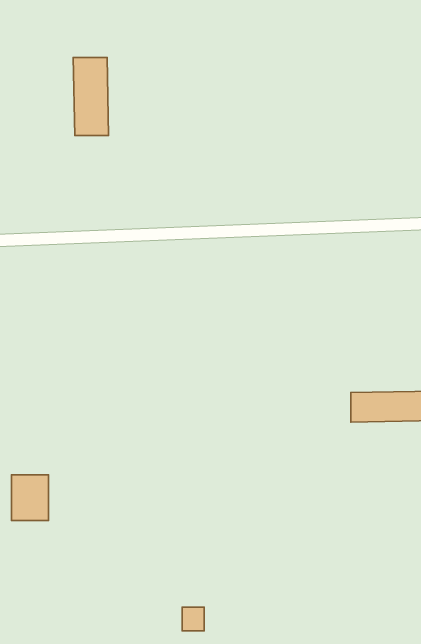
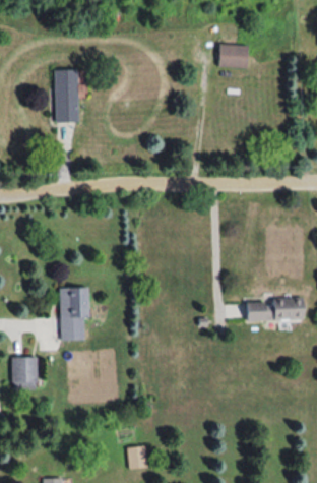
building: none -> [220,45,249,67]
building: none -> [61,288,87,341]

